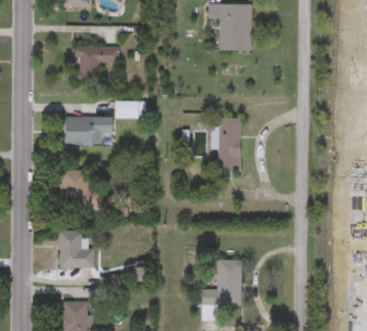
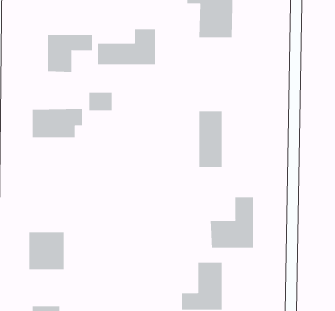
building: none -> [97,29,155,65]
building: [60,169,104,207] -> none
building: none -> [210,196,253,249]

